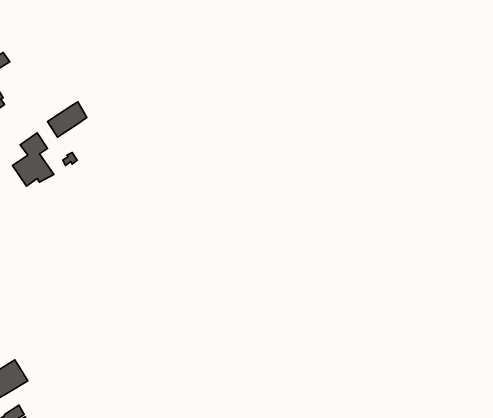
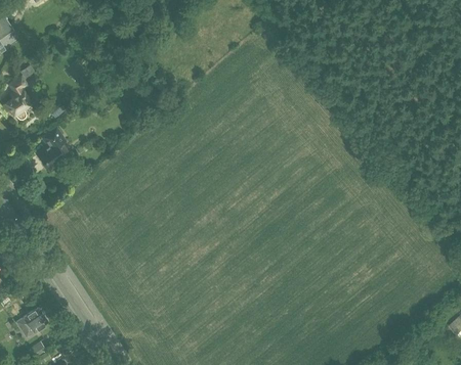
building: [47,102,87,137] -> none

